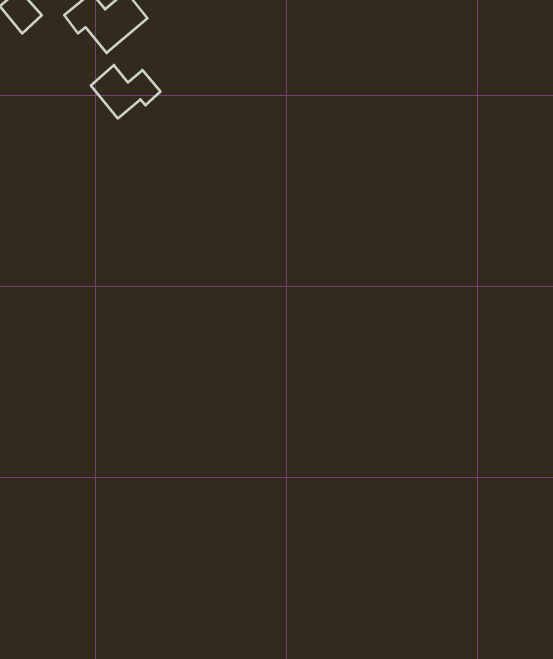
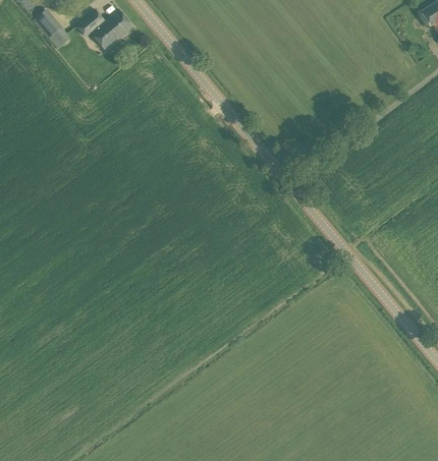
building: [91,65,160,118] -> none

